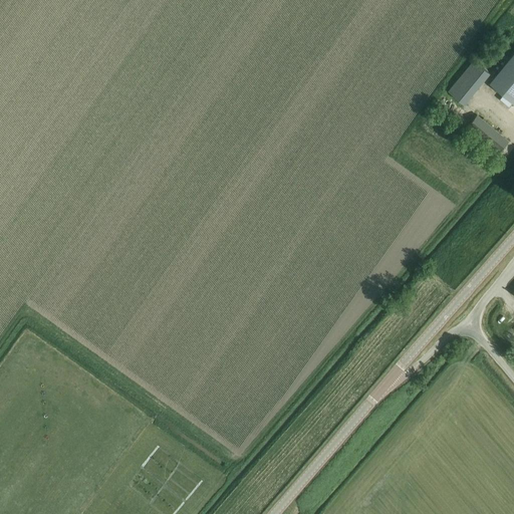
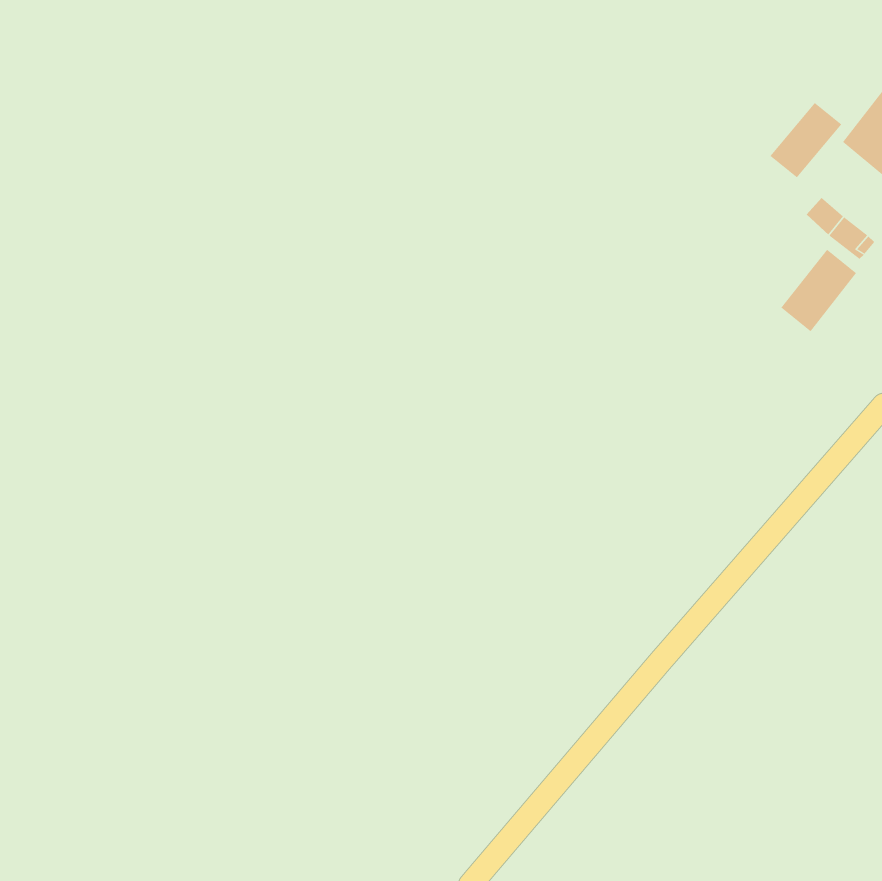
building: none -> [781,249,857,332]

